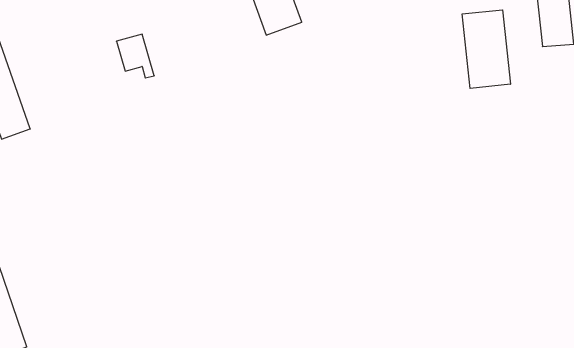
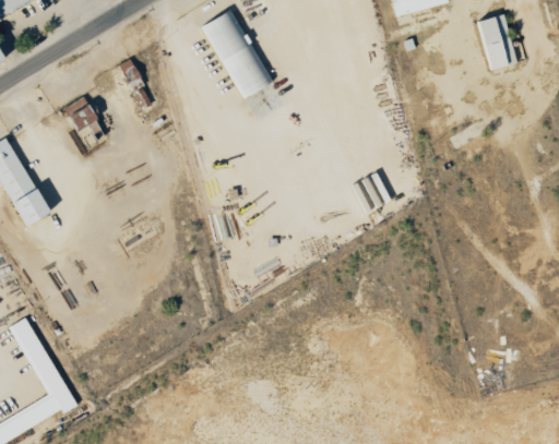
building: [462,10,510,88] -> none
building: [116,34,154,78] -> [61,96,99,134]

